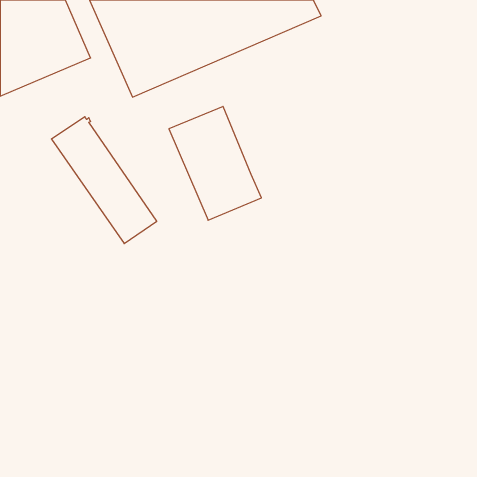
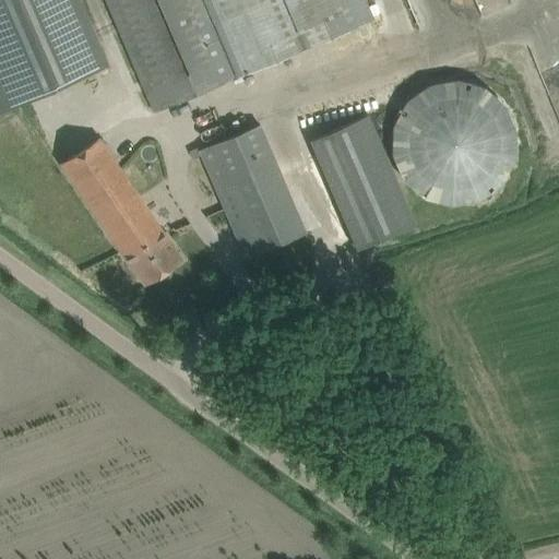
building: none -> [392,80,515,206]
building: none -> [310,115,415,248]

